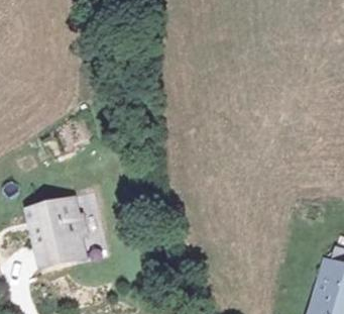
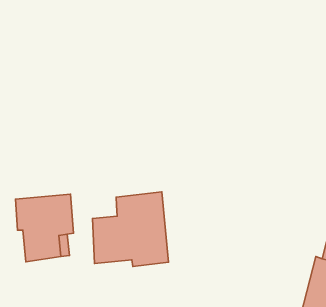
building: none -> [93,192,169,267]

